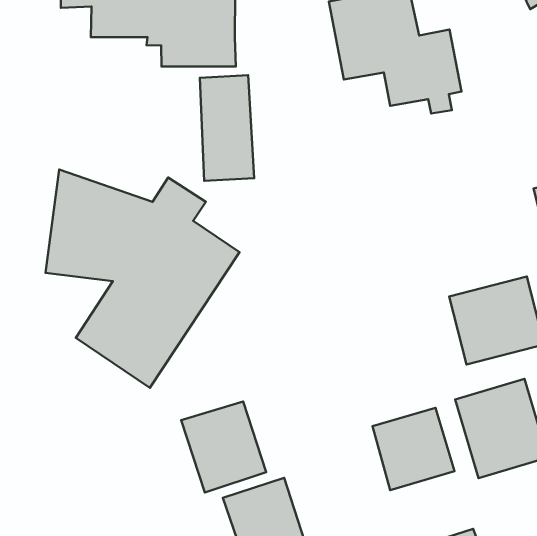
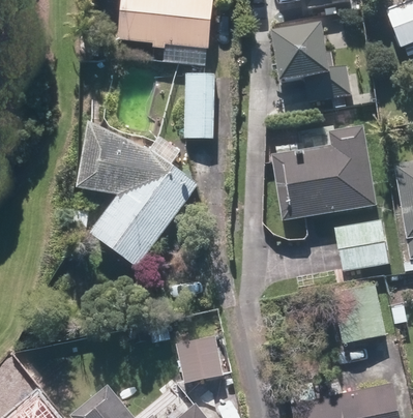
building: none -> [269,125,376,220]
building: [181,401,266,493] -> none
building: [372,408,454,490] -> none

